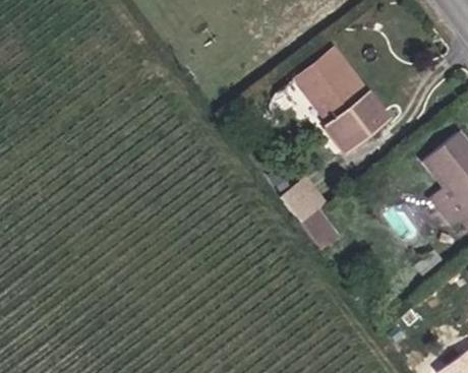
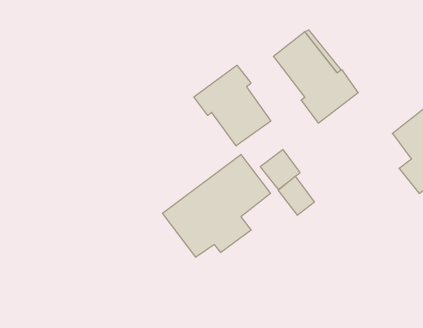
building: none -> [194,65,271,146]
building: none -> [163,154,270,257]

